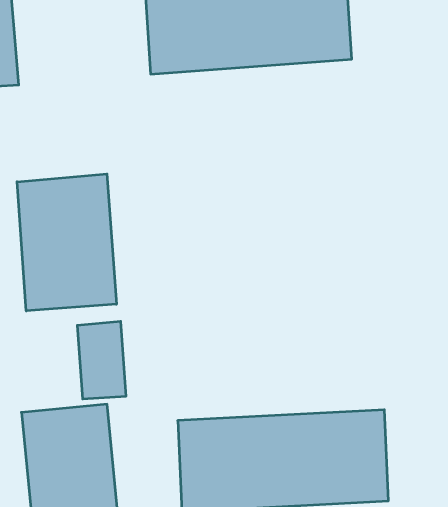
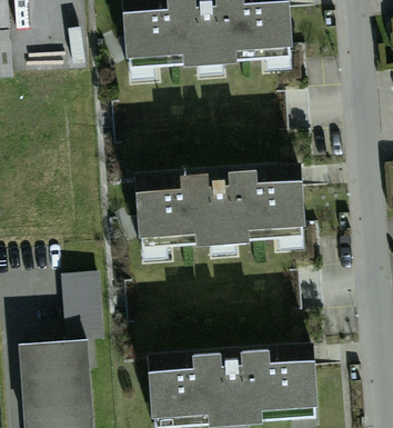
building: [17,174,116,311] -> none
building: none -> [138,170,302,246]

